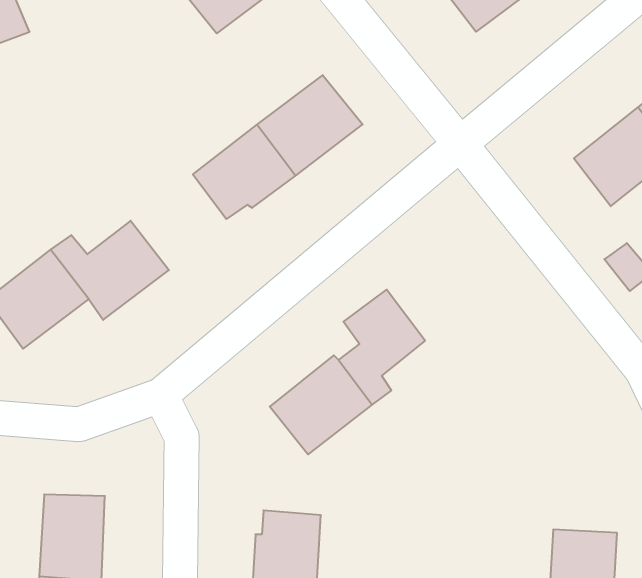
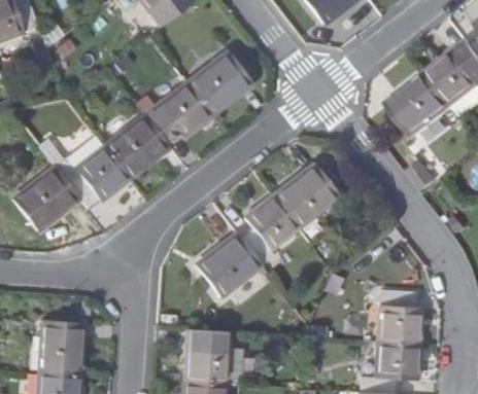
building: none -> [105,114,169,176]
building: none -> [270,157,335,221]
building: none -> [377,289,420,345]

